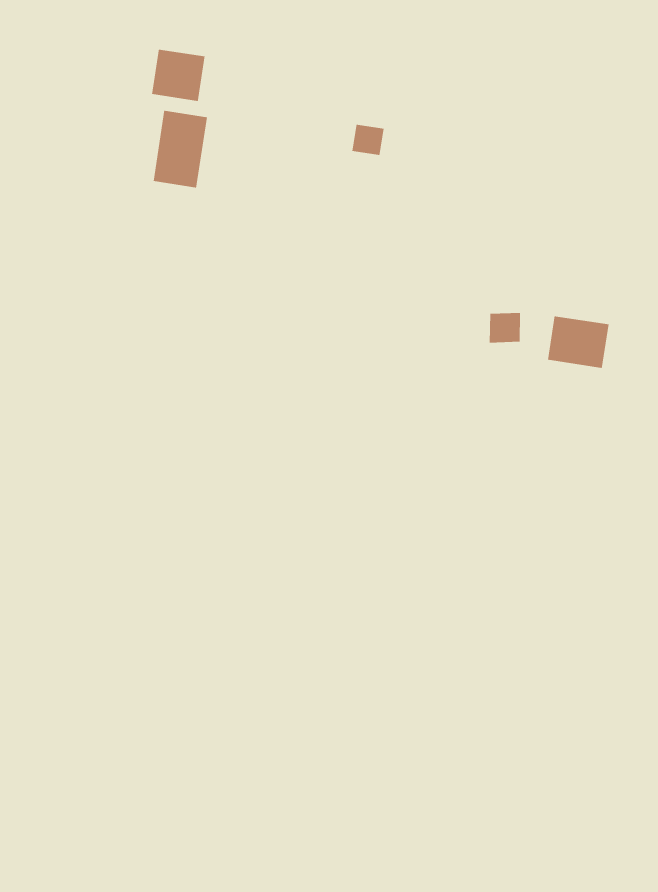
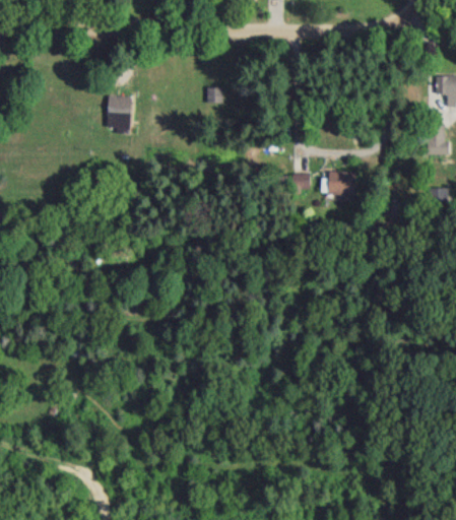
building: [151,49,205,102] -> none

